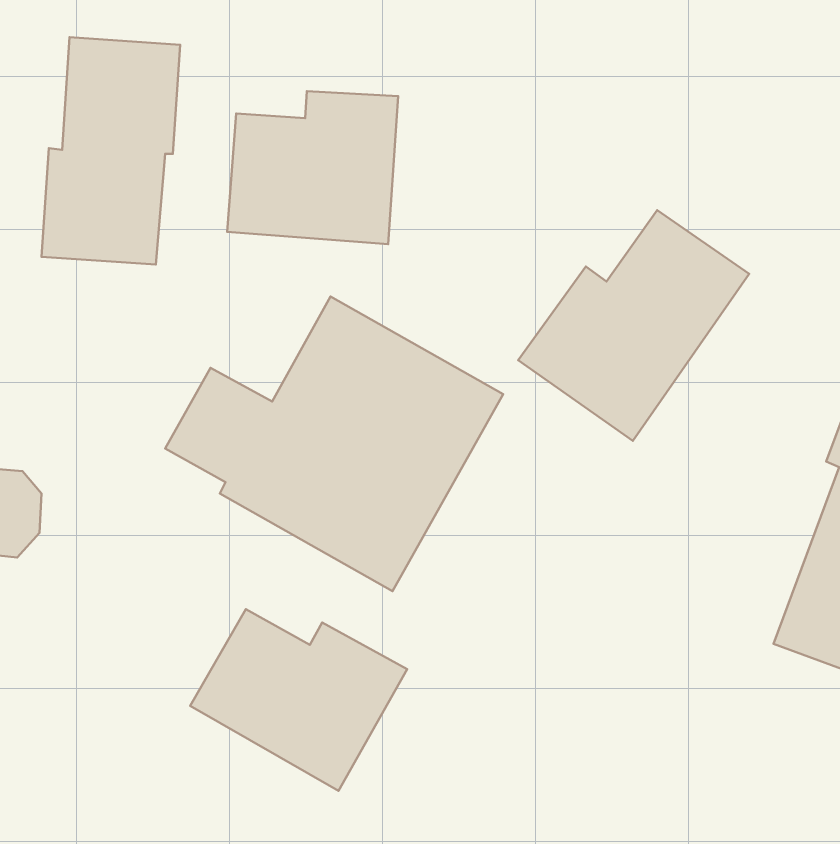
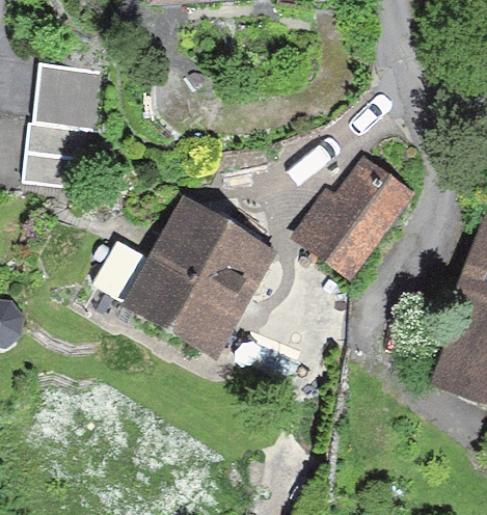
building: [227,91,398,244] -> none
building: [190,609,407,791] -> none

